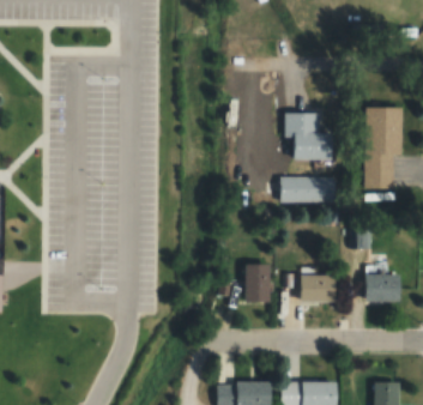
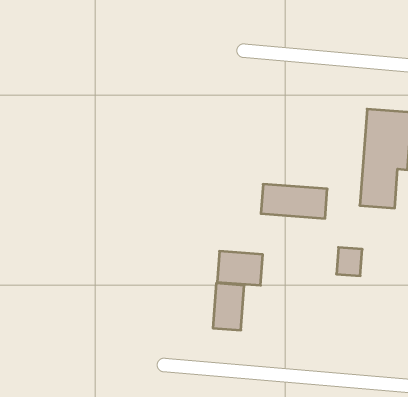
building: [283,113,332,159] -> none
building: [298,274,336,301] -> [217,251,263,285]
building: [365,274,400,302] -> none

